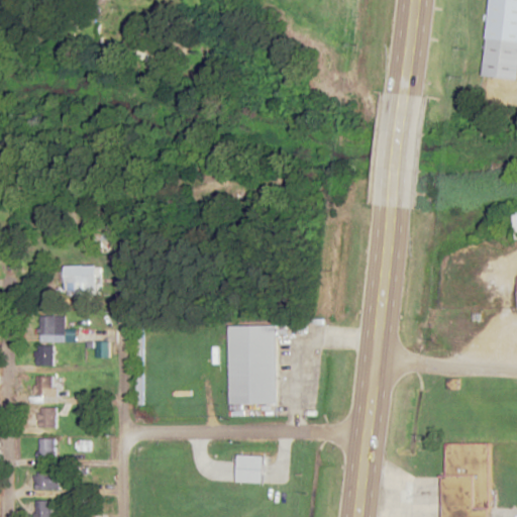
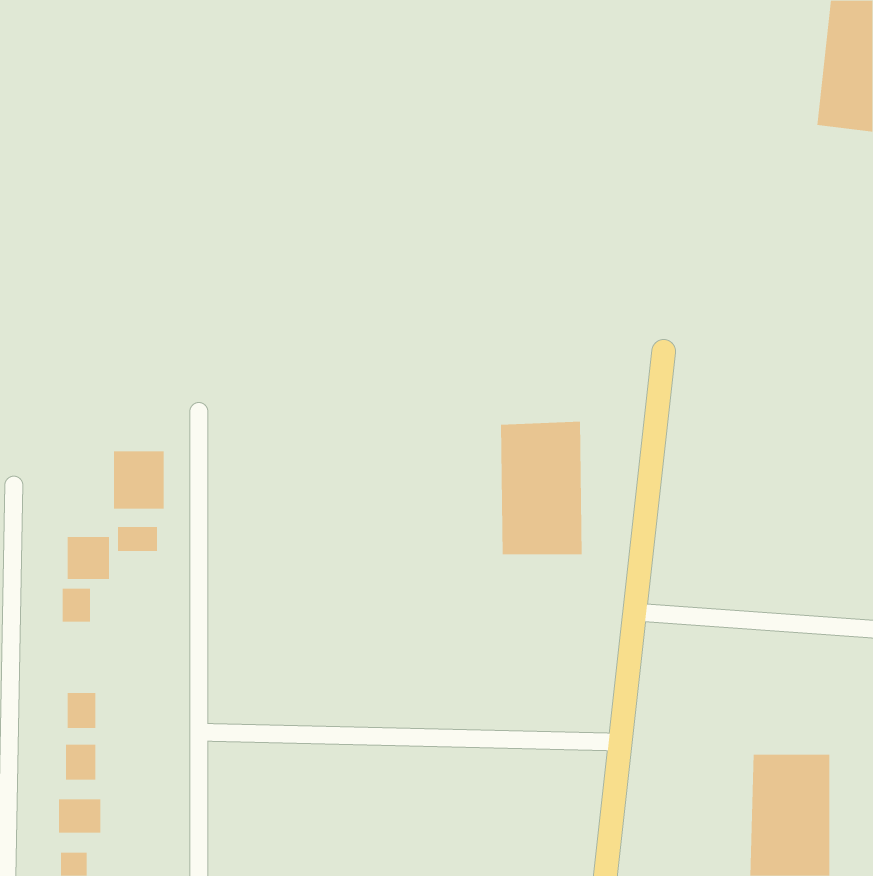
building: none -> [117,526,158,552]
building: [227,324,276,403] -> [500,421,583,555]
building: [36,377,56,397] -> none
building: [235,455,263,483] -> none

